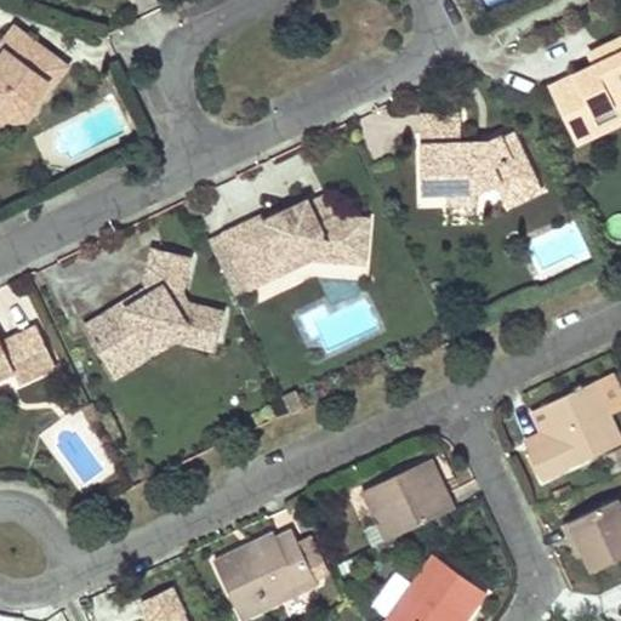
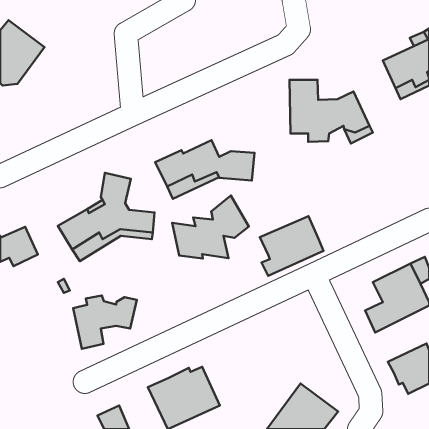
building: none -> [172,196,249,259]
building: none -> [73,296,137,349]
building: [369,457,461,543] -> [260,216,324,276]

